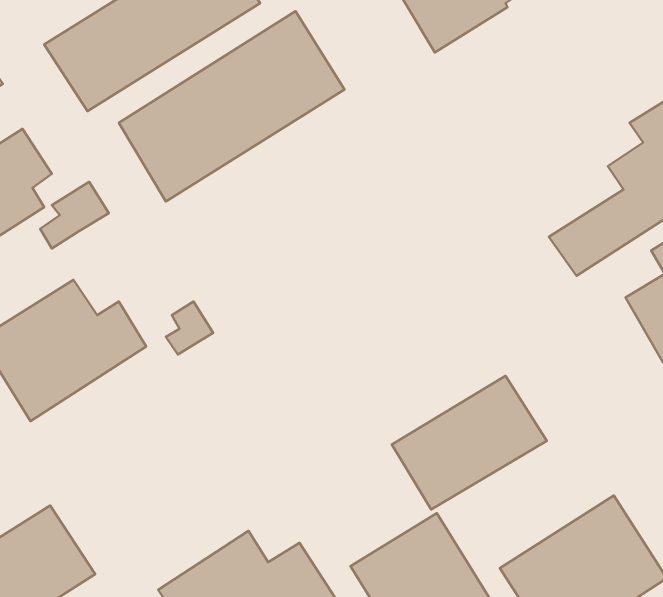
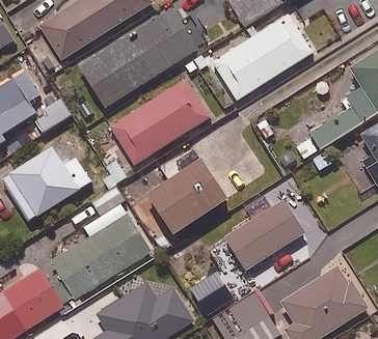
building: none -> [212,15,312,101]
building: none -> [109,78,210,166]
building: none -> [143,147,225,234]
building: none -> [54,185,153,298]

